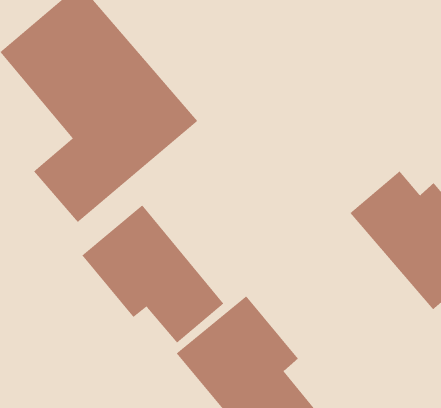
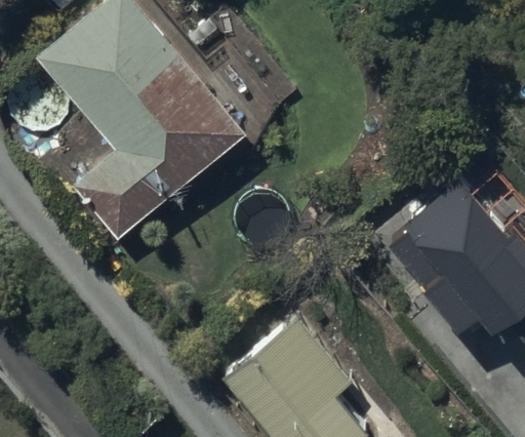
building: [82,204,224,343] -> none

